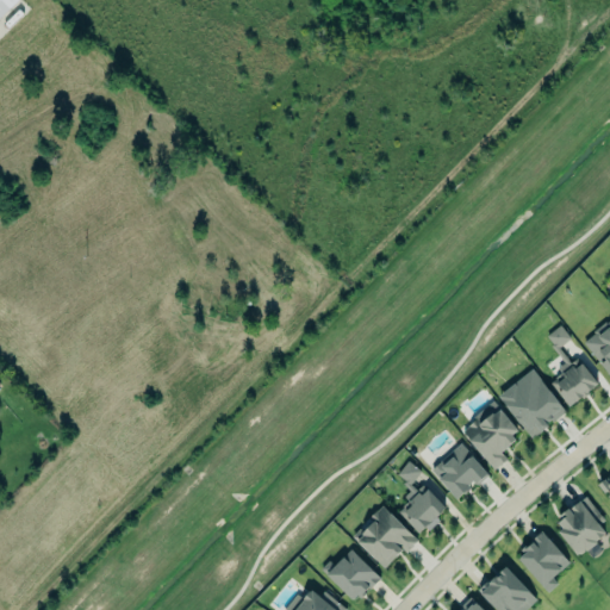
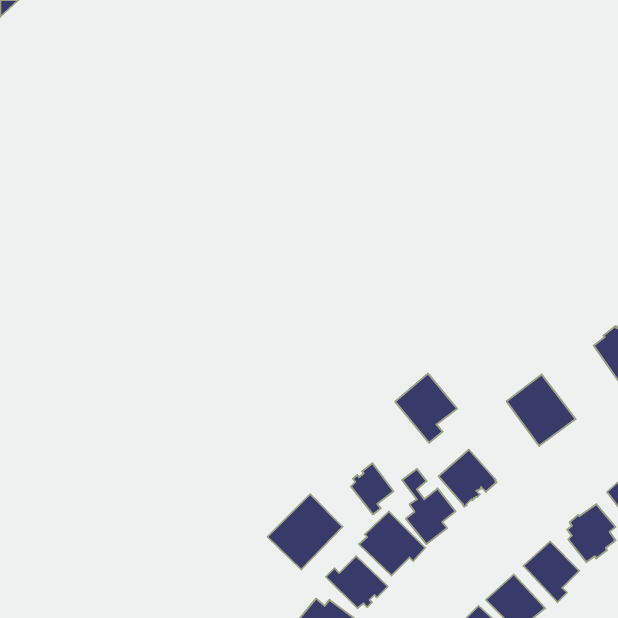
building: [546,326,598,407] -> none
building: [461,403,522,471] -> [395,374,457,443]
building: none -> [351,463,393,514]
building: none -> [268,494,343,570]

